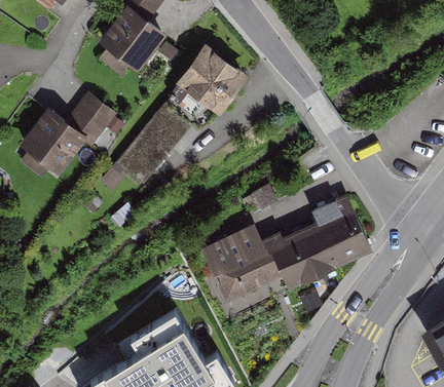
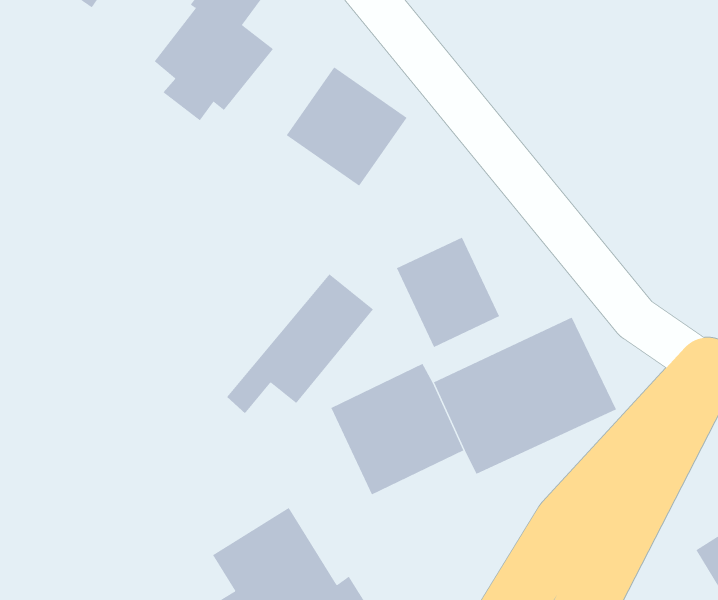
building: [17,90,115,178] -> none
building: [102,106,190,190] -> [226,273,374,414]
building: none -> [396,237,500,348]

